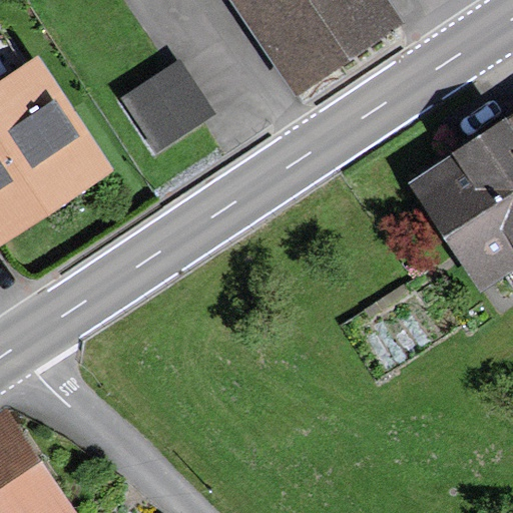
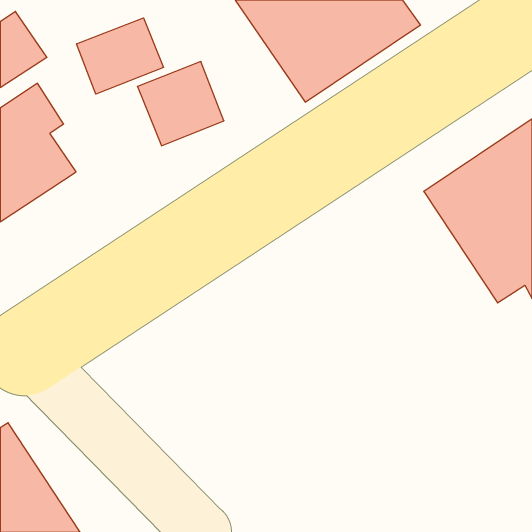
building: none -> [77,18,163,94]

